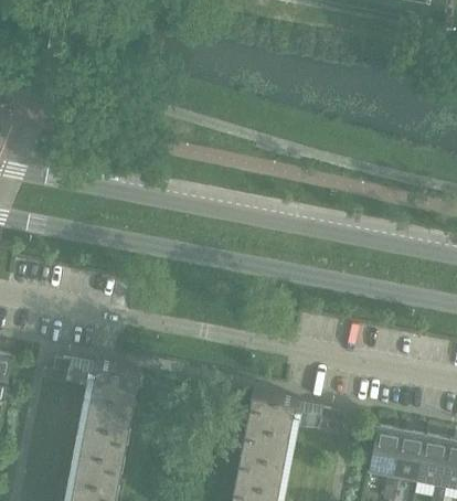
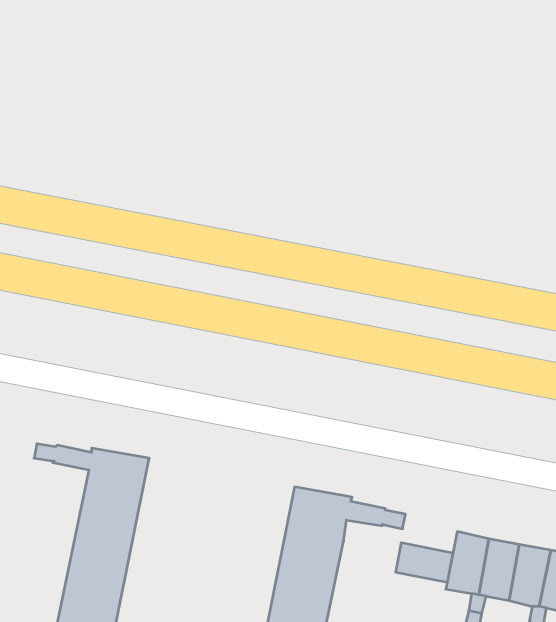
building: none -> [396,543,453,583]

